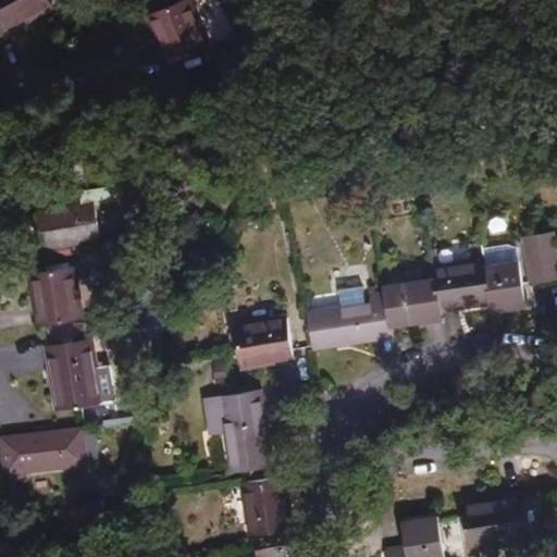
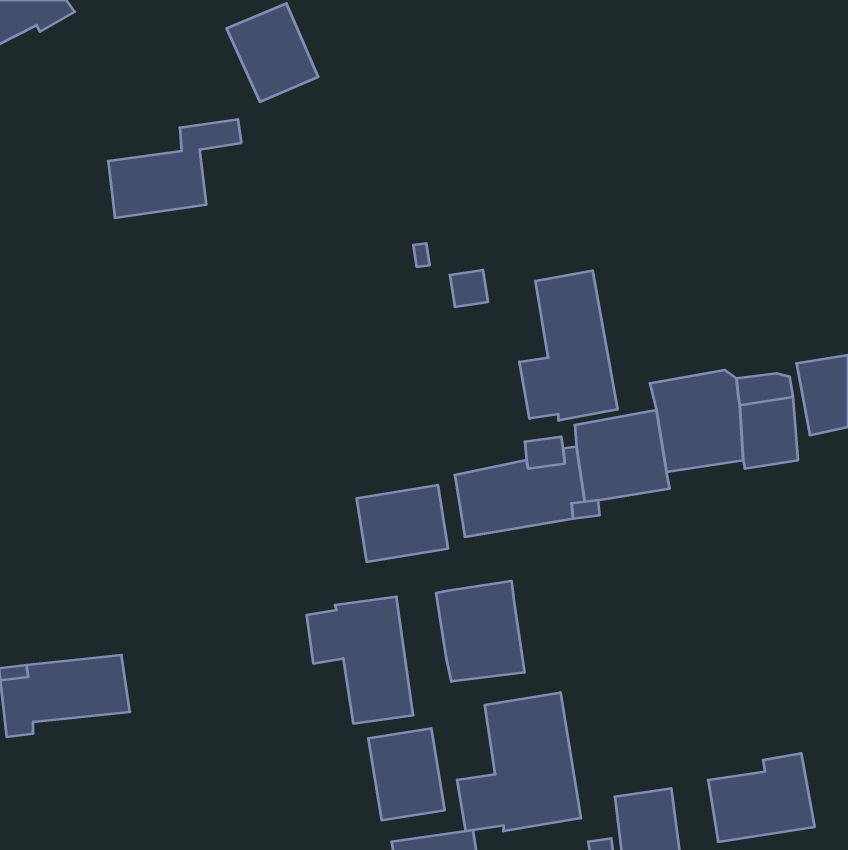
building: none -> [519,271,617,421]
building: [33,186,120,250] -> [108,119,241,218]
building: [30,267,81,326] -> none
building: [45,341,101,408] -> none
building: none -> [436,581,524,682]
building: none -> [457,692,581,831]

